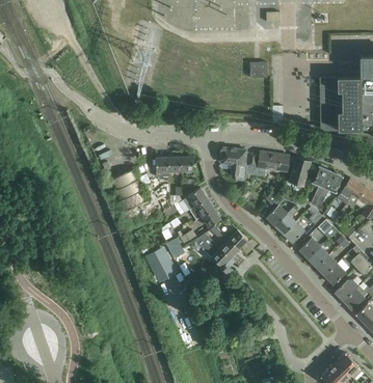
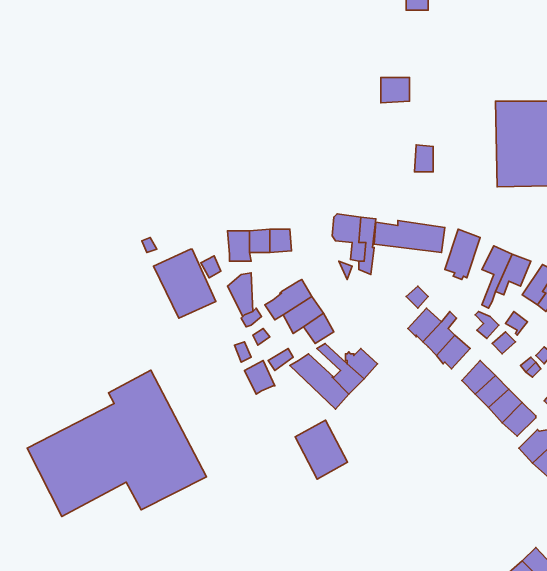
building: none -> [27,370,206,517]
building: [144,246,177,282] -> [295,420,347,479]

